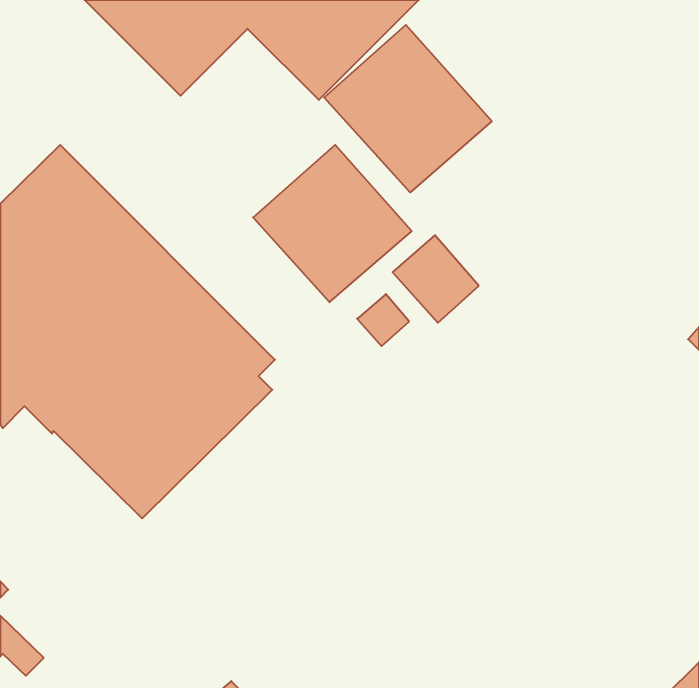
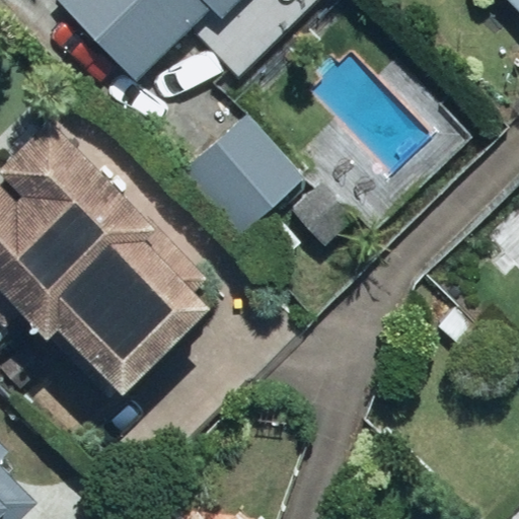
building: [324,25,492,192] -> none

